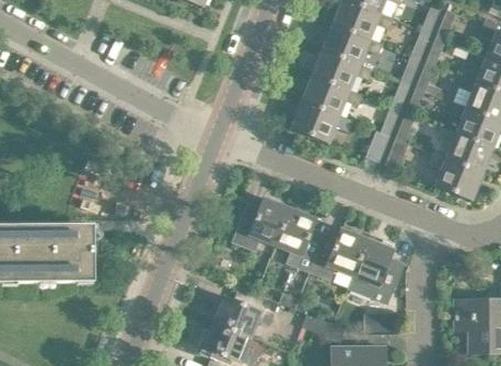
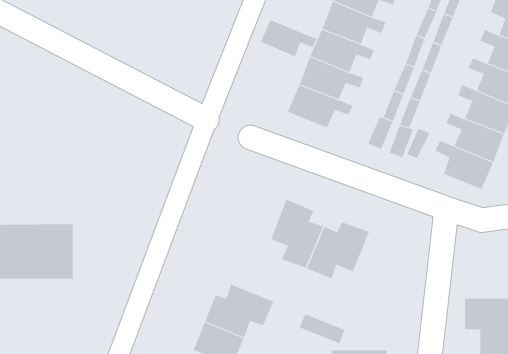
building: none -> [260,19,317,57]
building: [231,198,290,251] -> none
building: [352,238,403,303] -> none

